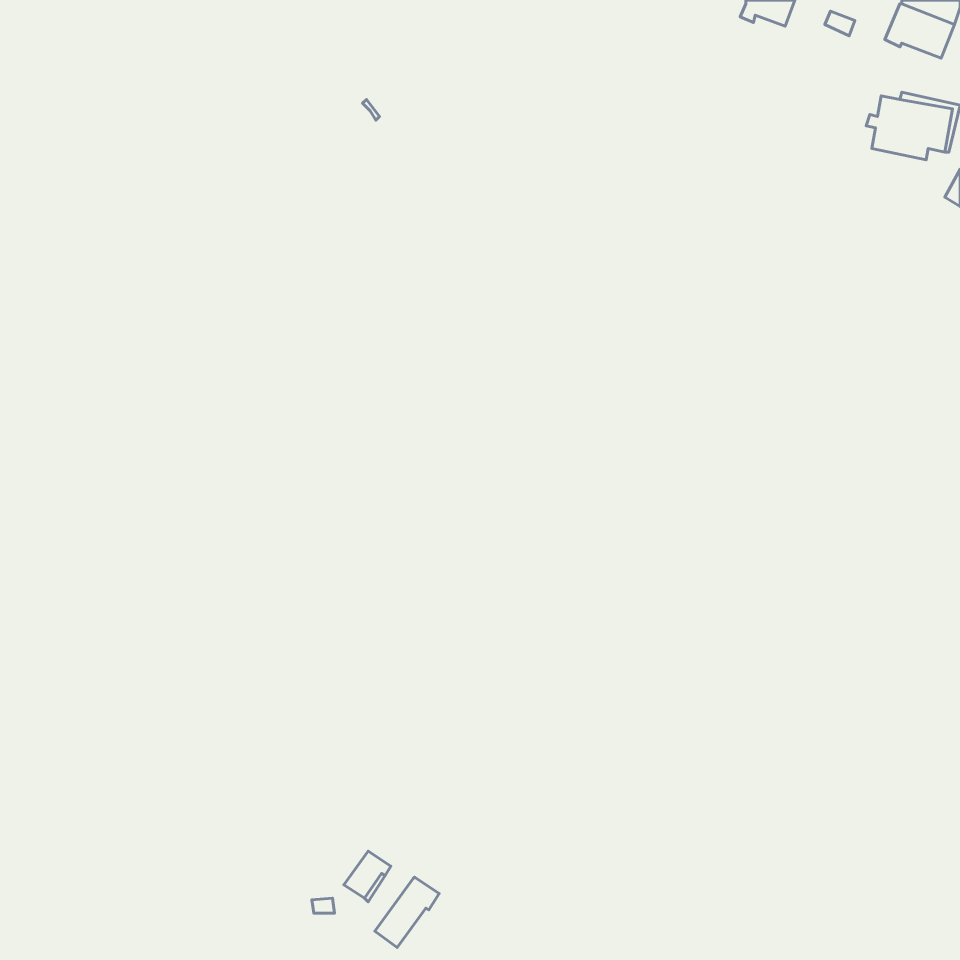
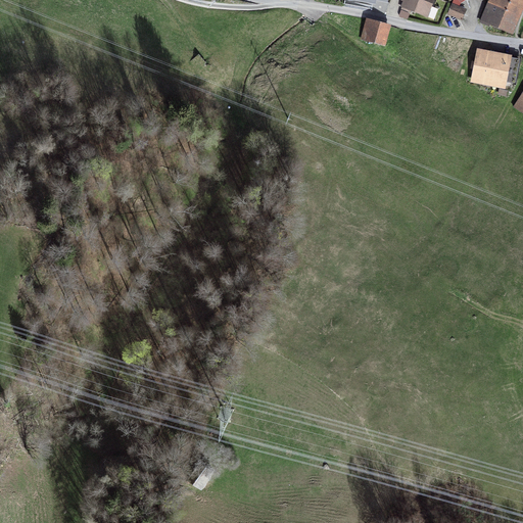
building: none -> [361,19,390,46]
building: [375,877,439,947] -> none

